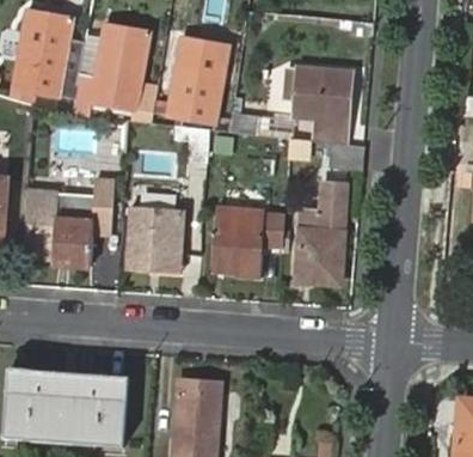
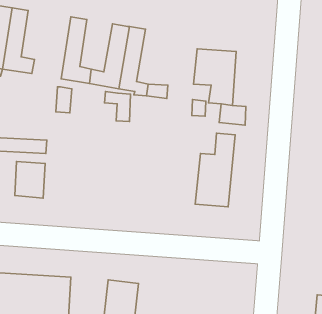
building: [74,23,128,117] -> none
building: [127,206,183,272] -> none
building: [210,209,283,280] -> none

